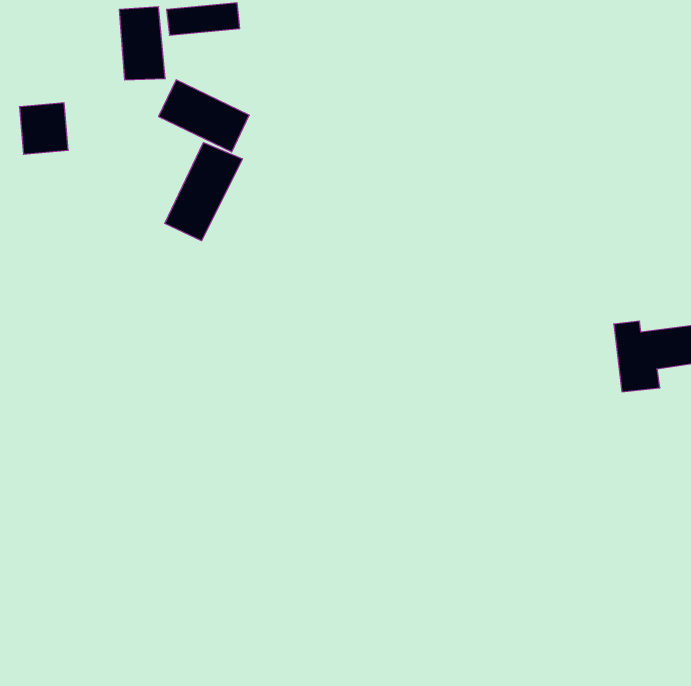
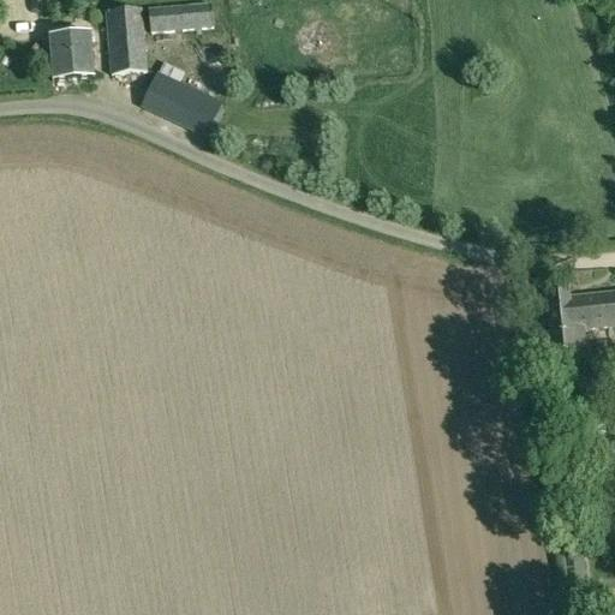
building: [19,103,68,154] -> [50,31,94,77]
building: [165,143,242,241] -> none

